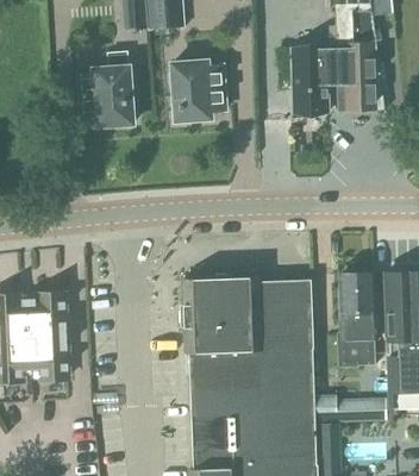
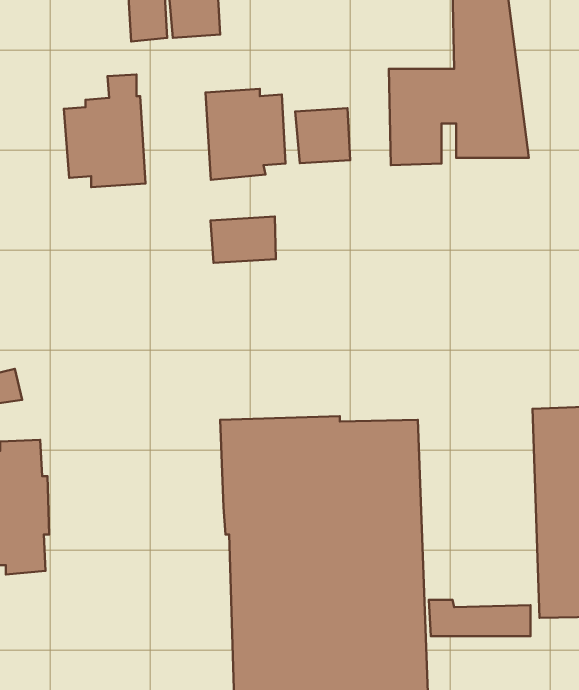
building: none -> [295,108,350,163]
building: none -> [210,217,276,263]
building: [329,273,376,377] -> none

